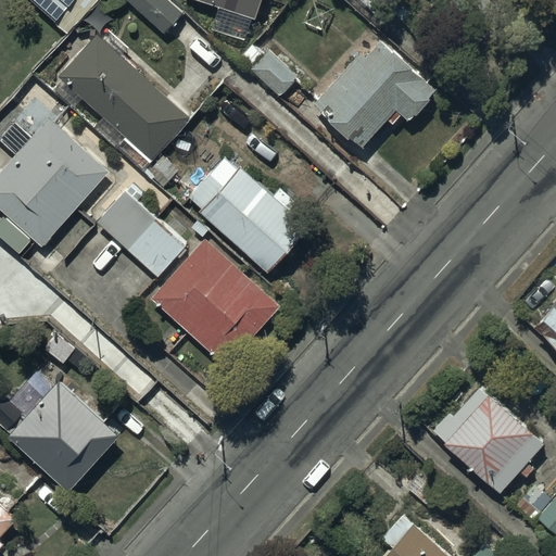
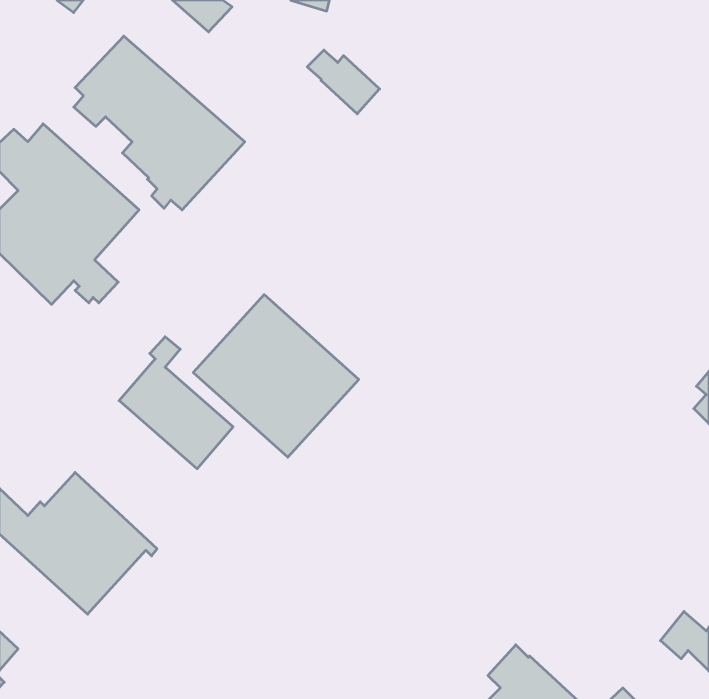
building: [311,34,435,146] -> none
building: [191,157,308,270] -> none
building: [98,175,187,278] -> [119,337,233,469]
building: [433,386,544,490] -> none

